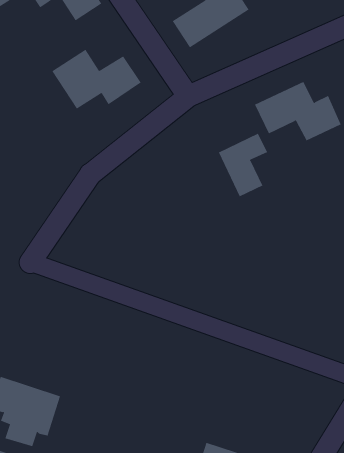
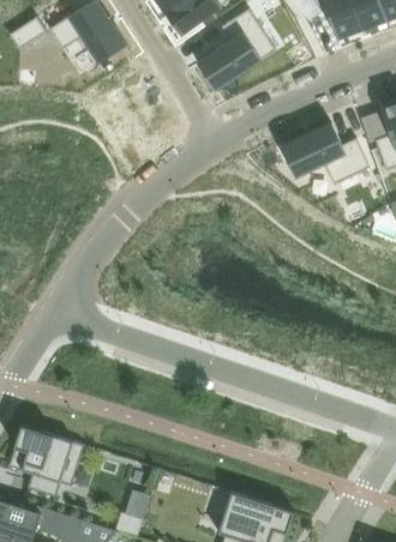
building: [52,49,141,110] -> none
building: [218,133,268,197] -> none

